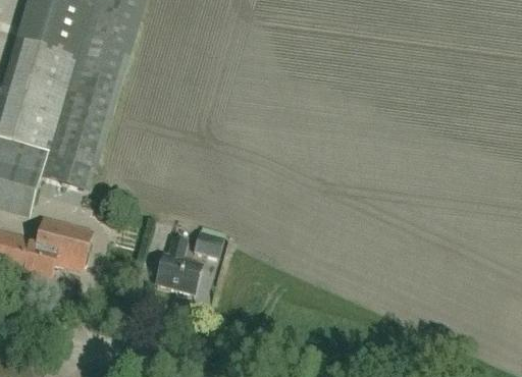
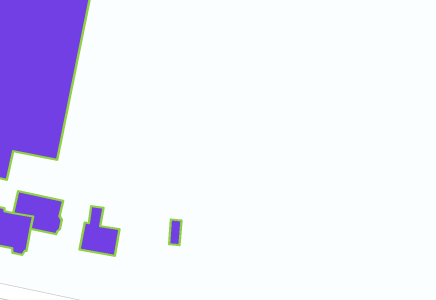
building: [193,229,223,256] -> none
building: [155,236,200,292] -> [80,206,119,256]

